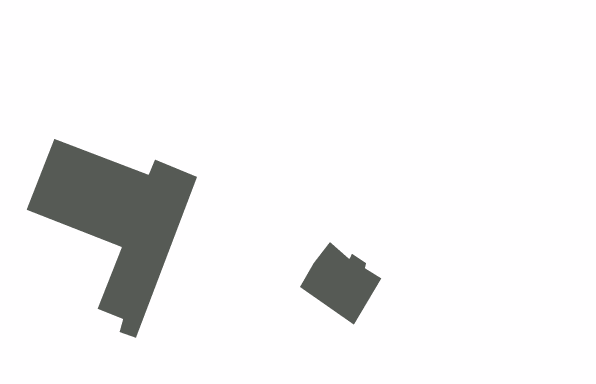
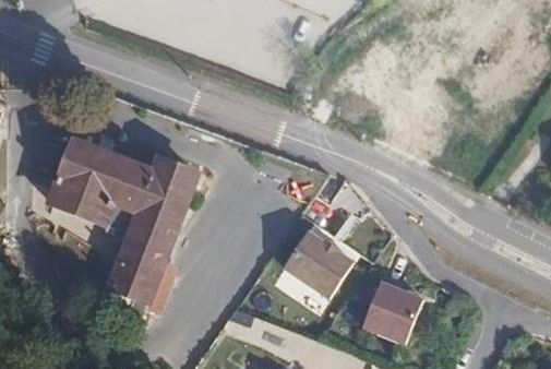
building: none -> [366,279,422,344]

